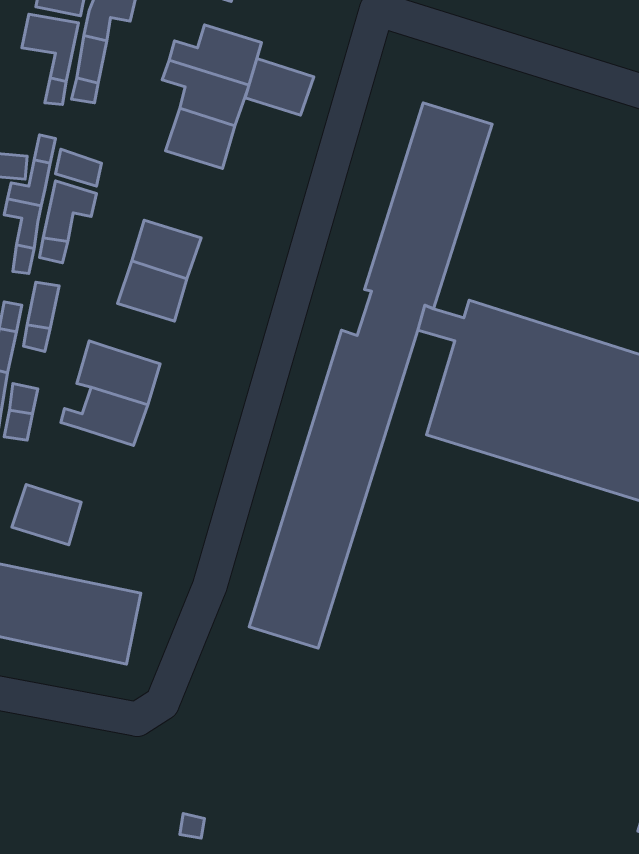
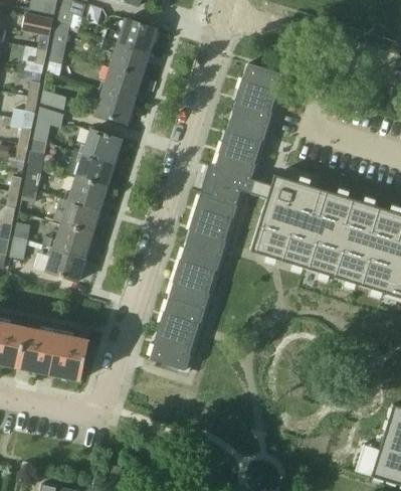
building: [245,59,314,115] -> none
building: none -> [95,90,135,123]
building: none -> [68,176,108,210]
building: [12,485,81,545] -> [45,247,84,281]

